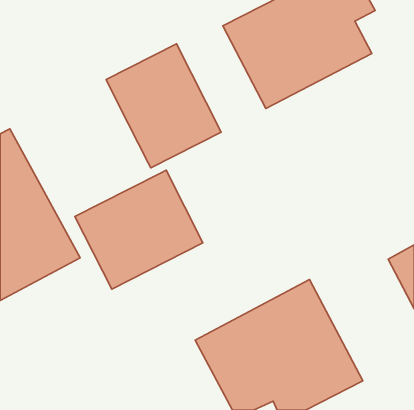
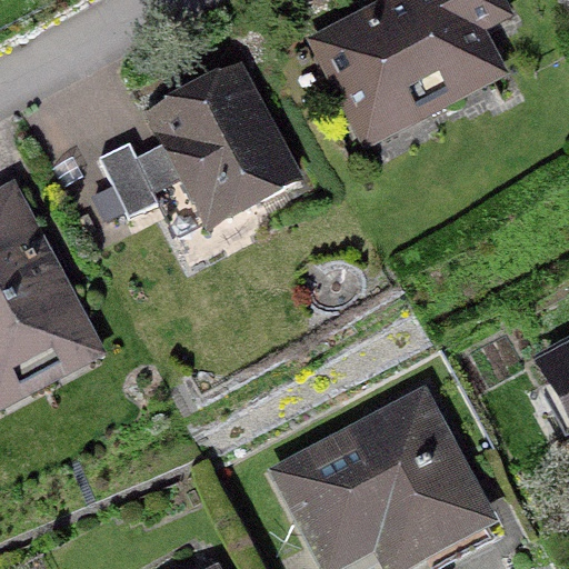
building: none -> [91,139,203,239]
building: [75,170,203,289] -> none

